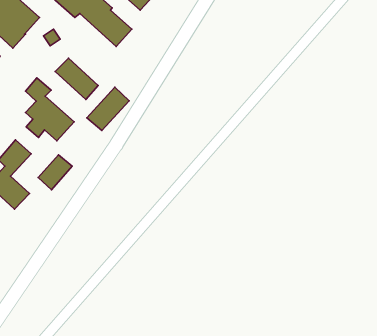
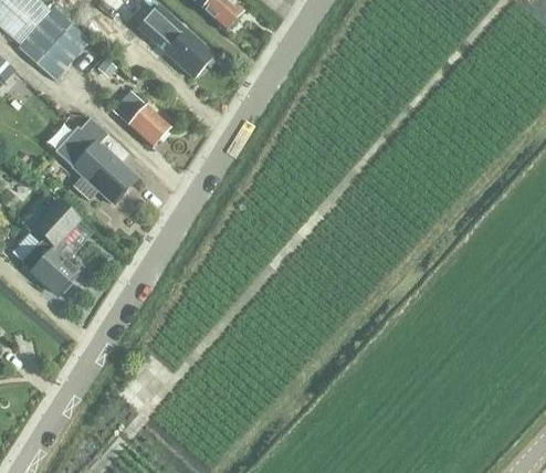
building: [87,87,129,130] -> none
building: [38,155,72,190] -> none

